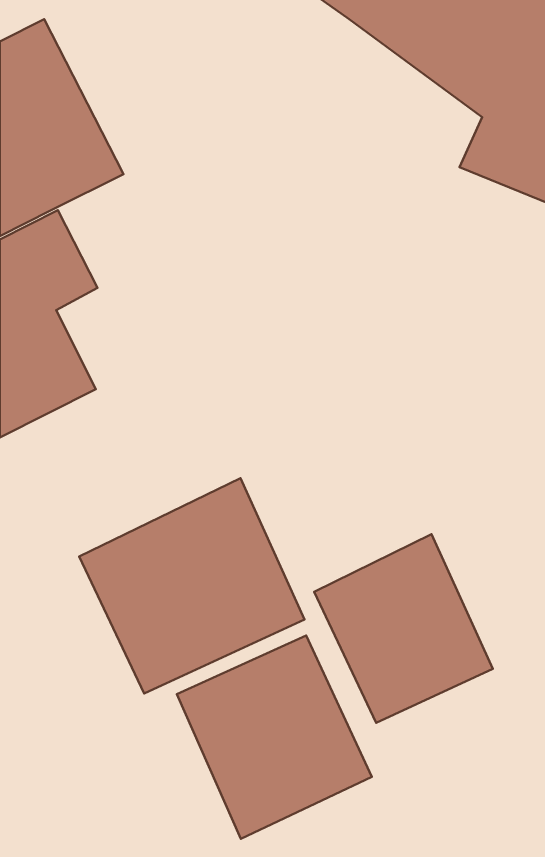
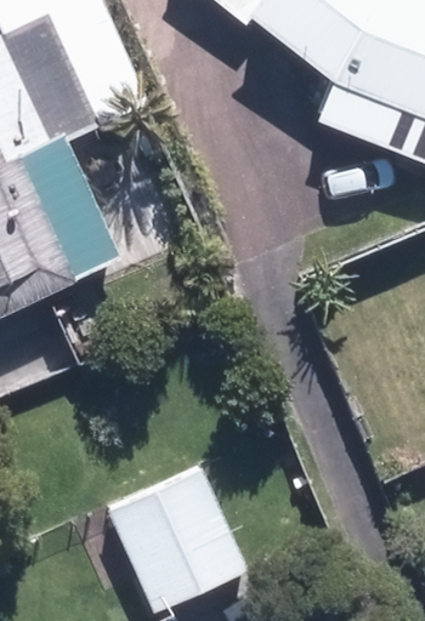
building: [79,478,304,693] -> none
building: [314,534,493,723] -> none

